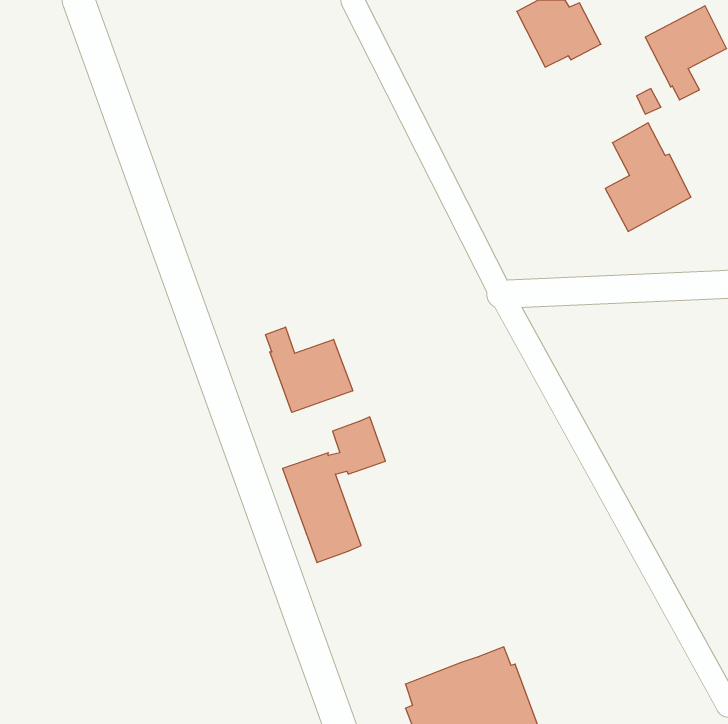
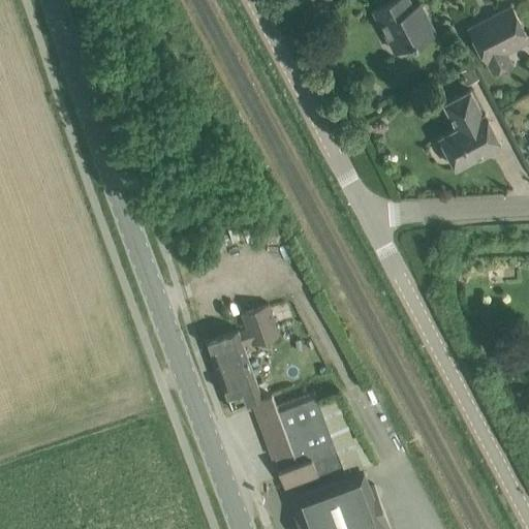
building: [265,327,353,412] -> none
building: none -> [252,395,374,492]

